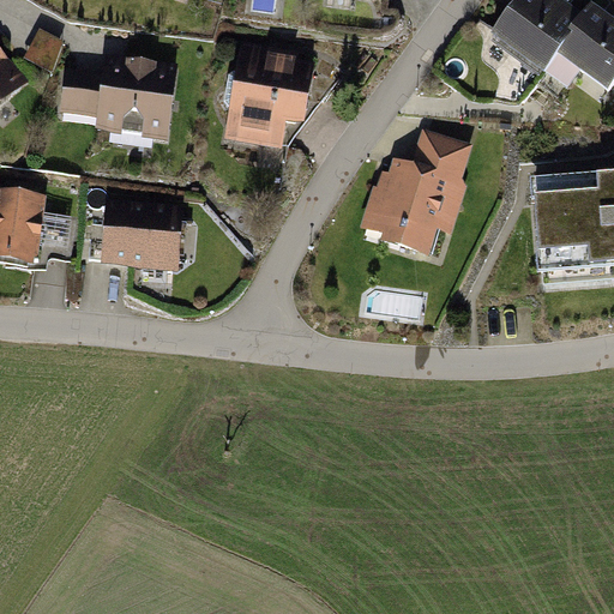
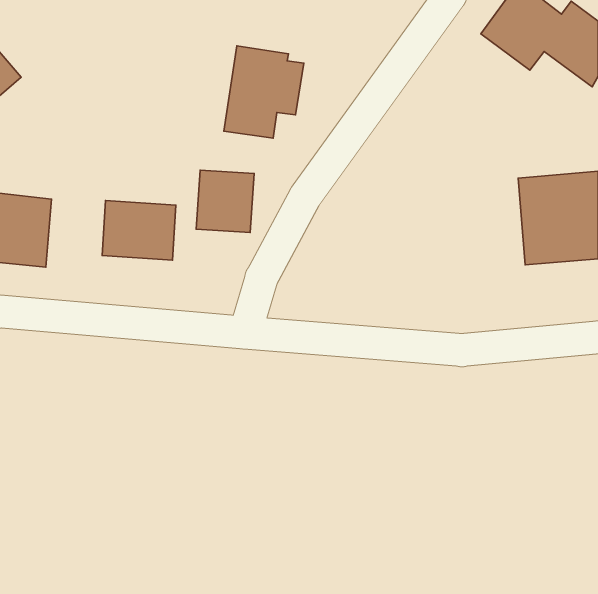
building: [68,54,174,133] -> none
building: [369,138,470,251] -> none
building: none -> [196,170,254,233]

